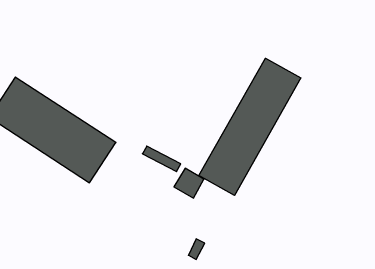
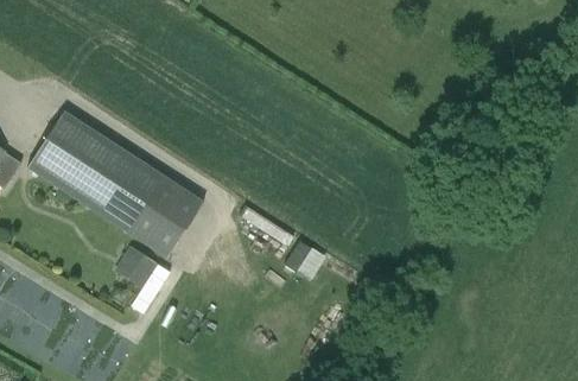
building: [199,58,301,195] -> none
building: none -> [114,243,158,287]

